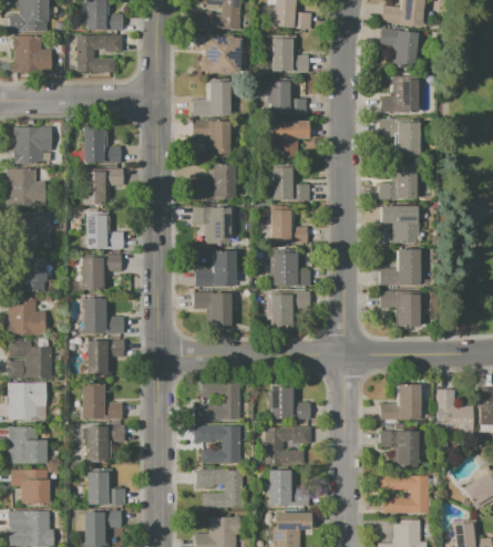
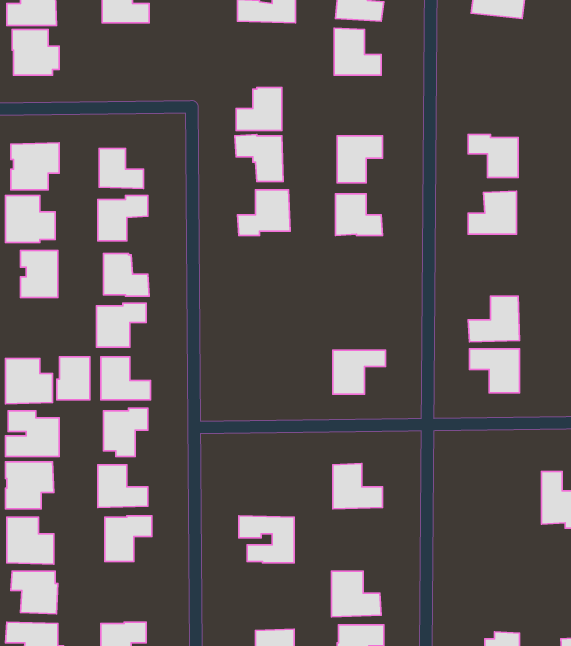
building: [379,28,419,69] -> none
building: [195,33,240,72] -> none
building: [76,34,122,72] -> none
building: [381,76,419,112] -> none
building: [269,81,307,115] -> none
building: [381,206,418,242] -> none
building: [193,207,230,244] -> none
building: [270,210,307,244] -> none
building: [195,250,235,287] -> none
building: [273,252,310,287] -> none
building: [19,258,45,292] -> [57,357,90,400]
building: [193,291,230,329] -> none
building: [194,382,240,421] -> none
building: [380,384,420,420] -> none
building: [265,426,310,464] -> none
building: [380,431,420,467] -> none
building: [88,468,125,504] -> none
building: [196,469,243,508] -> none
building: [380,475,429,513] -> none

